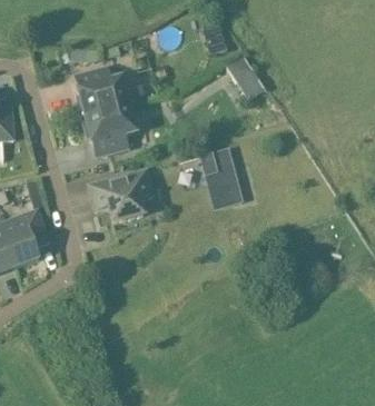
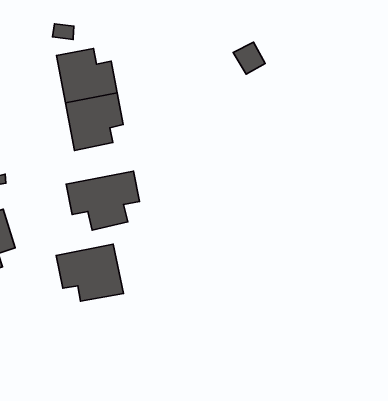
building: [205,147,241,206] -> none
building: none -> [56,244,123,301]

